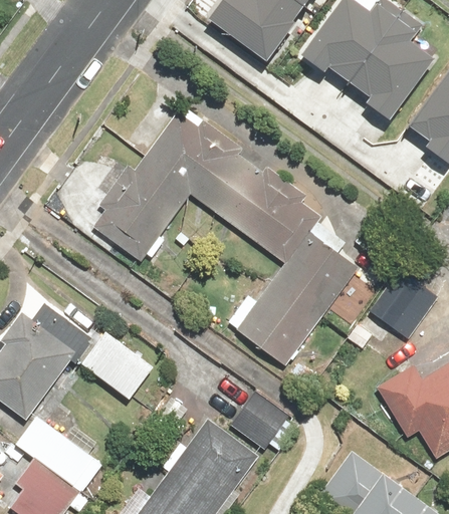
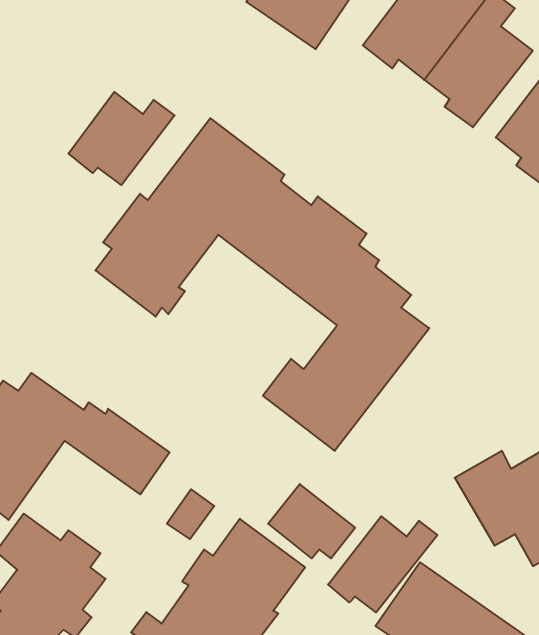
building: none -> [68,92,175,185]
building: [377,276,437,339] -> none
building: none -> [328,516,437,612]

